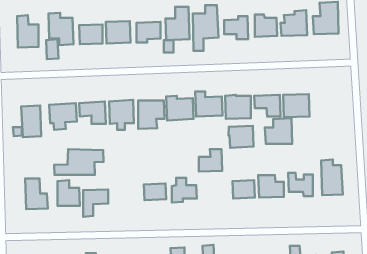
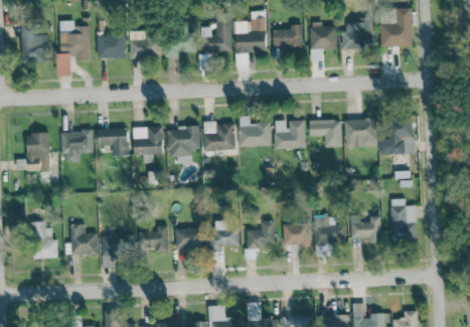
building: [265,118,292,144] -> [380,123,414,154]
building: [229,126,254,148] -> none
building: [54,149,103,175] -> none
building: [199,149,222,172] -> [247,220,275,248]
building: none -> [139,225,168,252]

